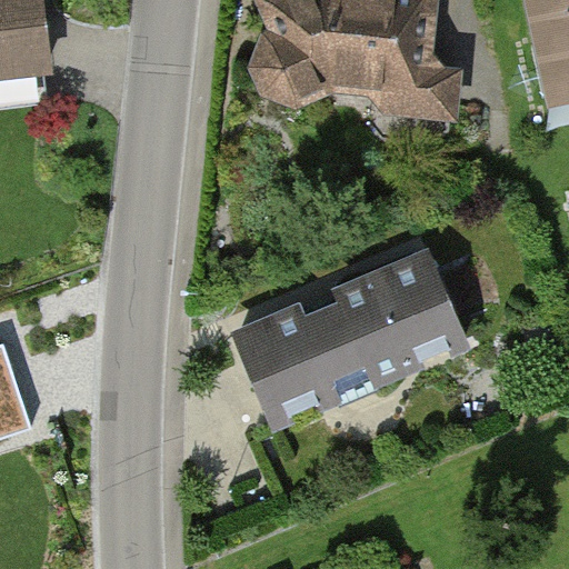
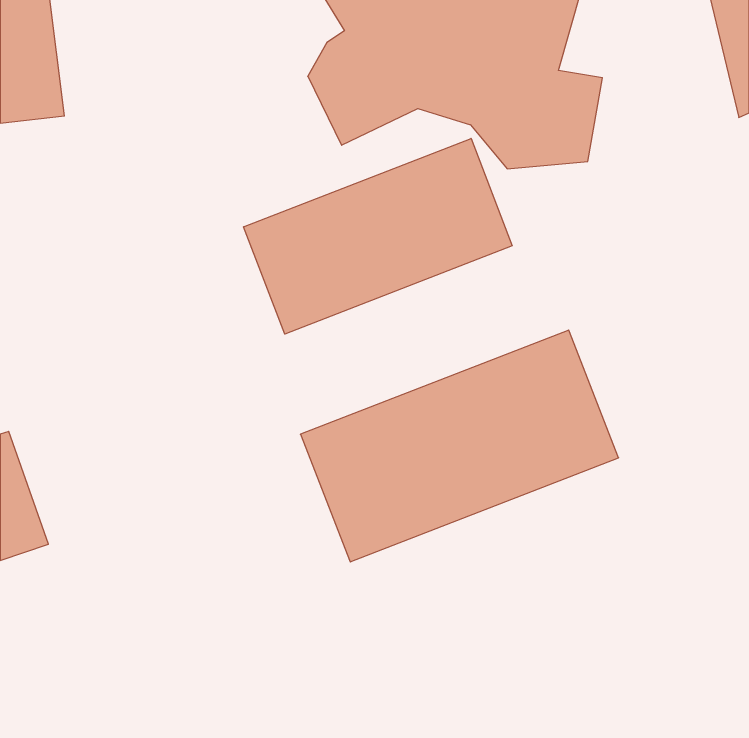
building: none -> [244,138,512,334]

